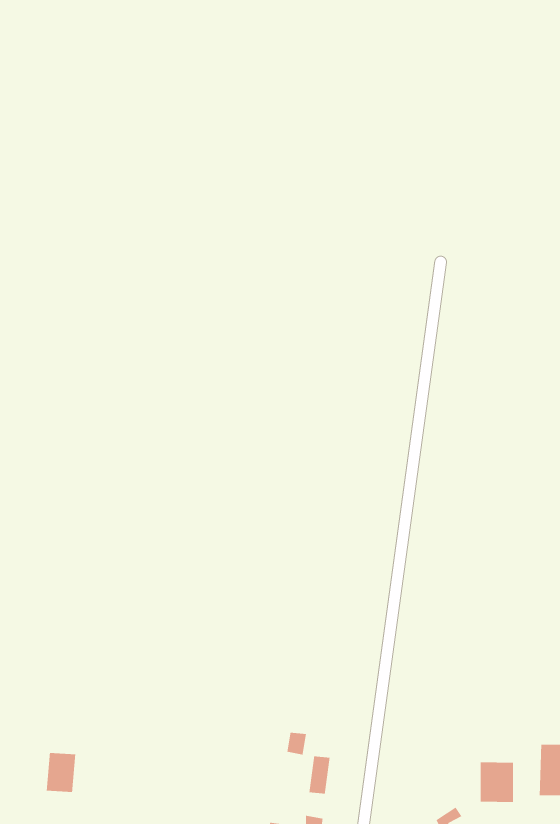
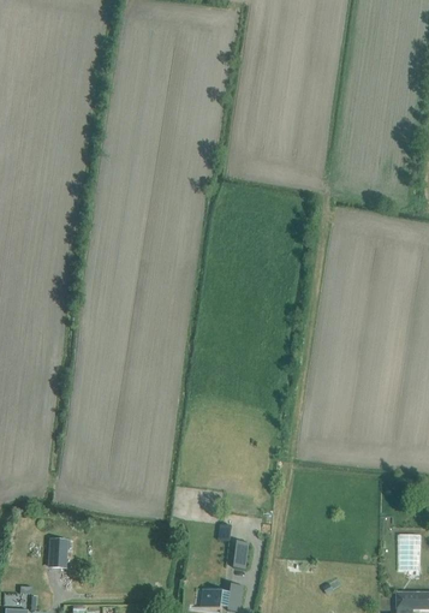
building: [480,761,514,803] -> none

